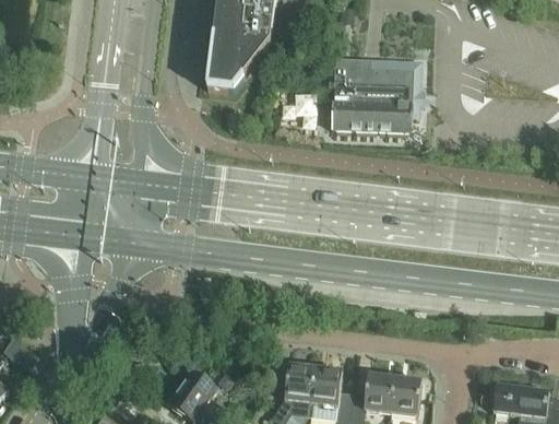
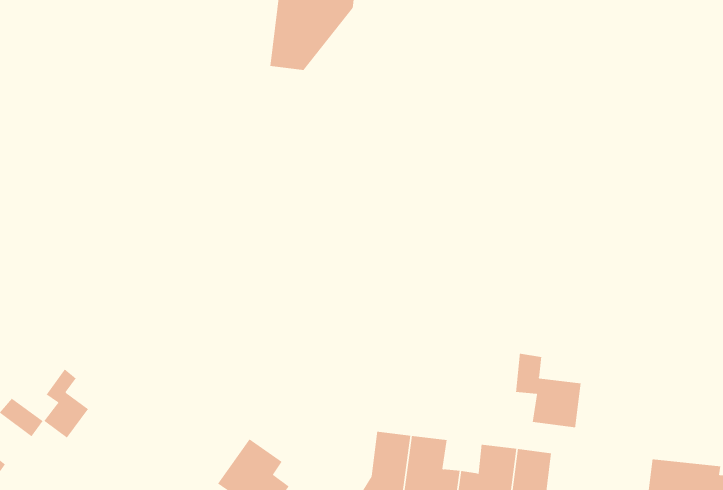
building: [331,57,420,132] -> none
building: none -> [515,353,581,428]
building: none -> [43,369,89,439]

